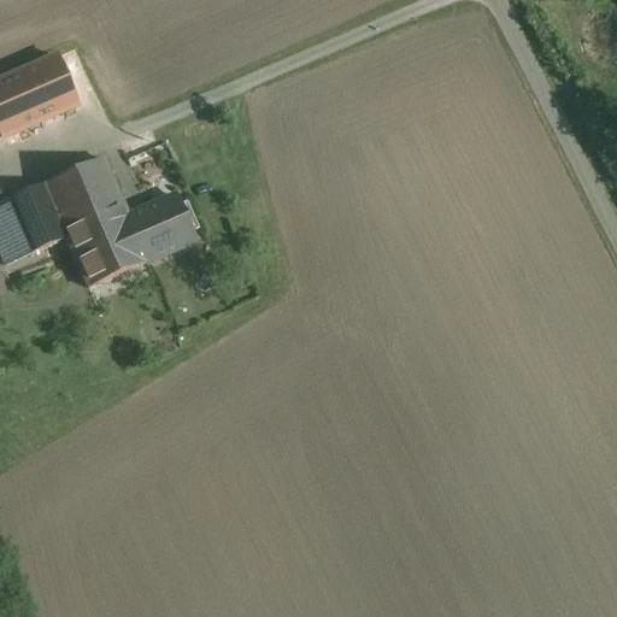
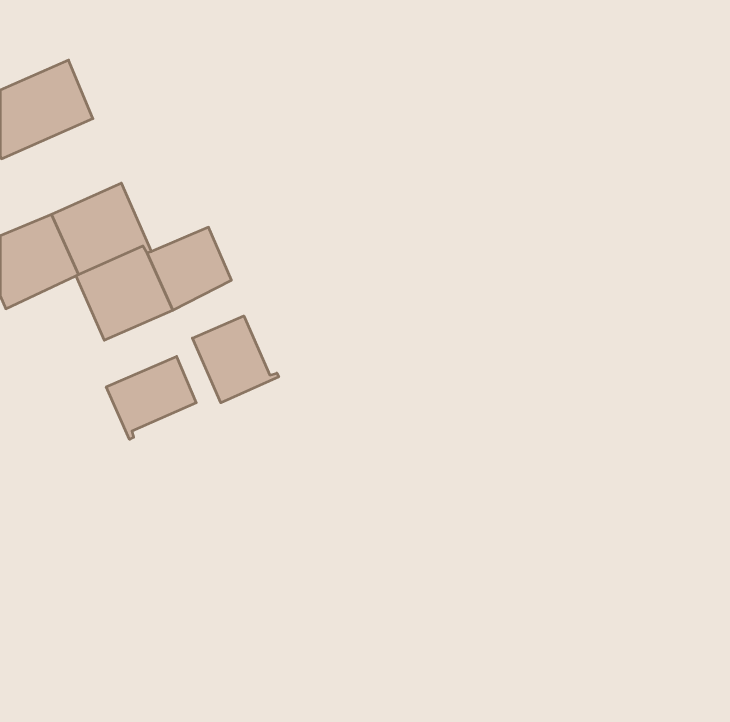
building: none -> [192,316,279,403]
building: none -> [106,356,196,439]

